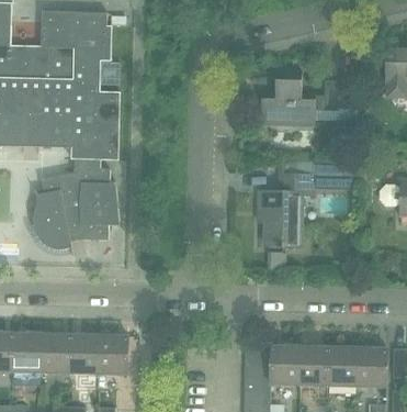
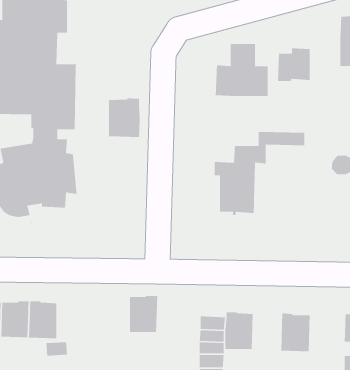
building: none -> [108,98,141,138]
building: [99,335,128,374] -> [129,295,158,333]
building: [298,346,328,386] -> none
building: [357,347,386,387] -> none

